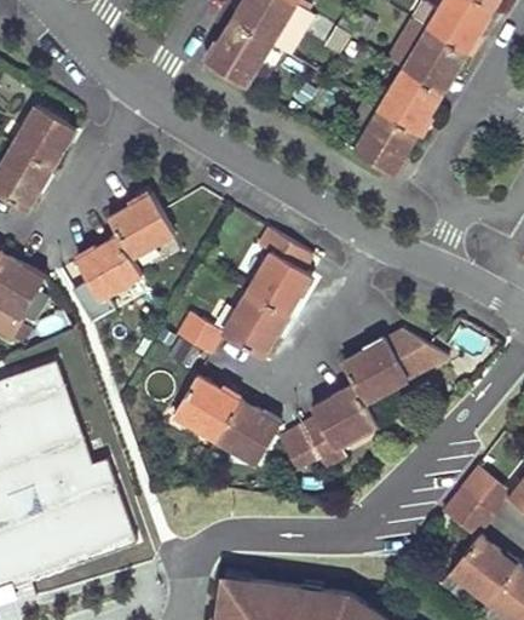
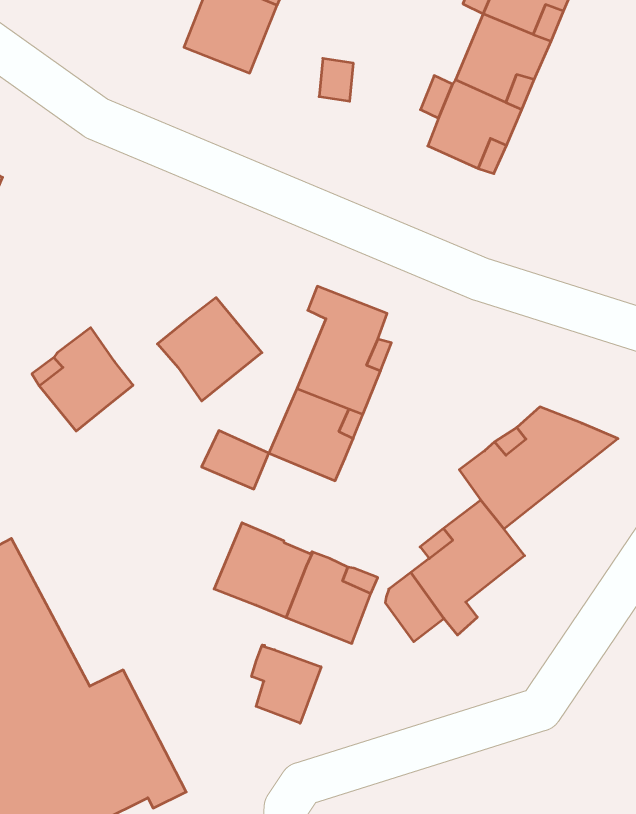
building: [108,194,174,259] -> [157,298,262,401]
building: none -> [252,645,321,723]

